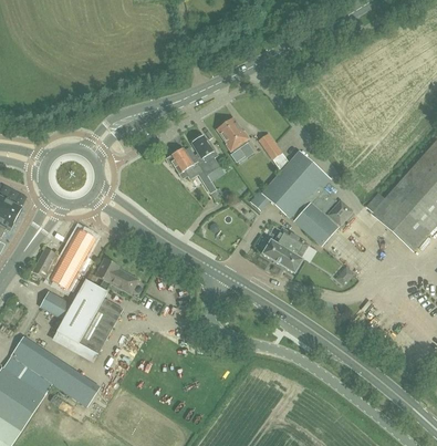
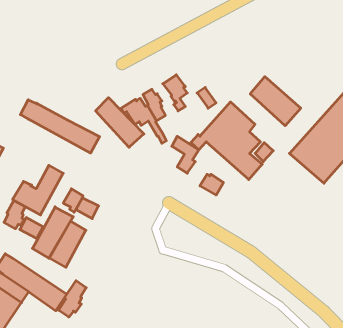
building: none -> [250,77,301,126]
building: none -> [96,98,144,147]
building: none -> [20,100,100,153]
building: [274,227,308,272] -> [172,136,199,173]
building: none -> [4,200,25,229]
building: none -> [59,281,86,317]

